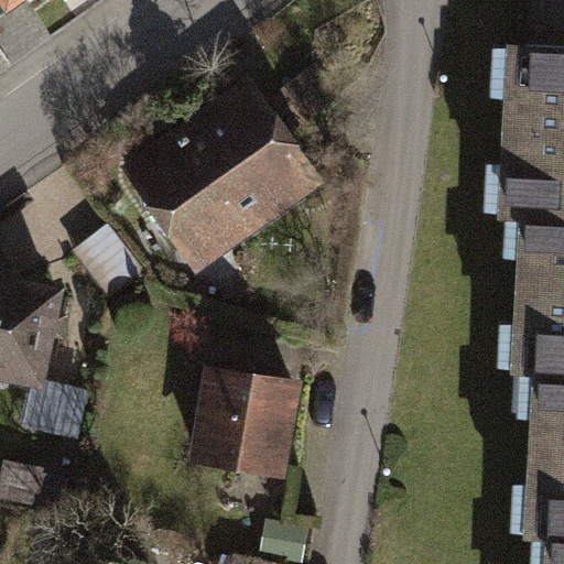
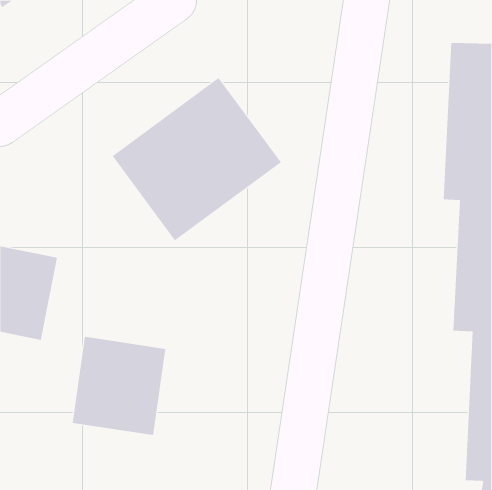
building: [195,359,303,473] -> [72,336,166,436]

